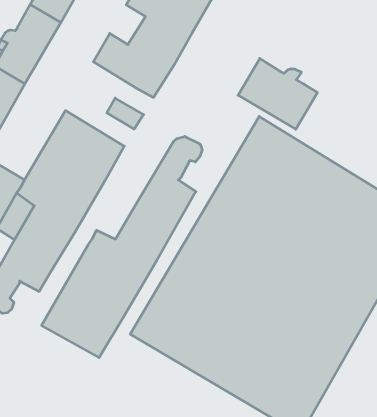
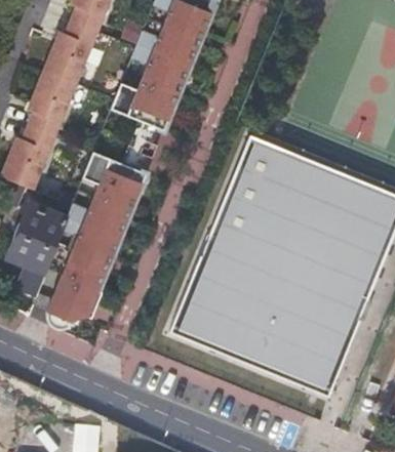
building: [238,58,317,129] -> none
building: [42,136,202,358] -> none

